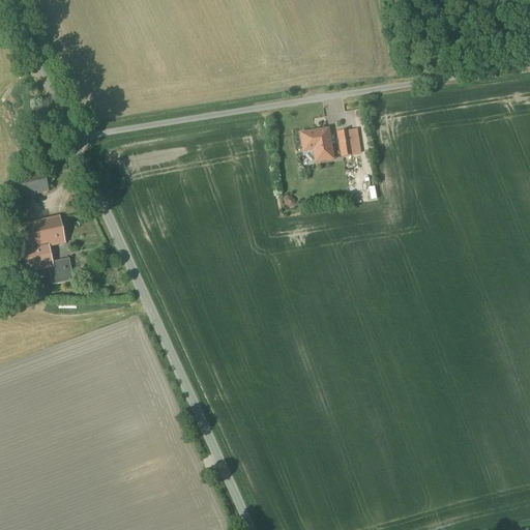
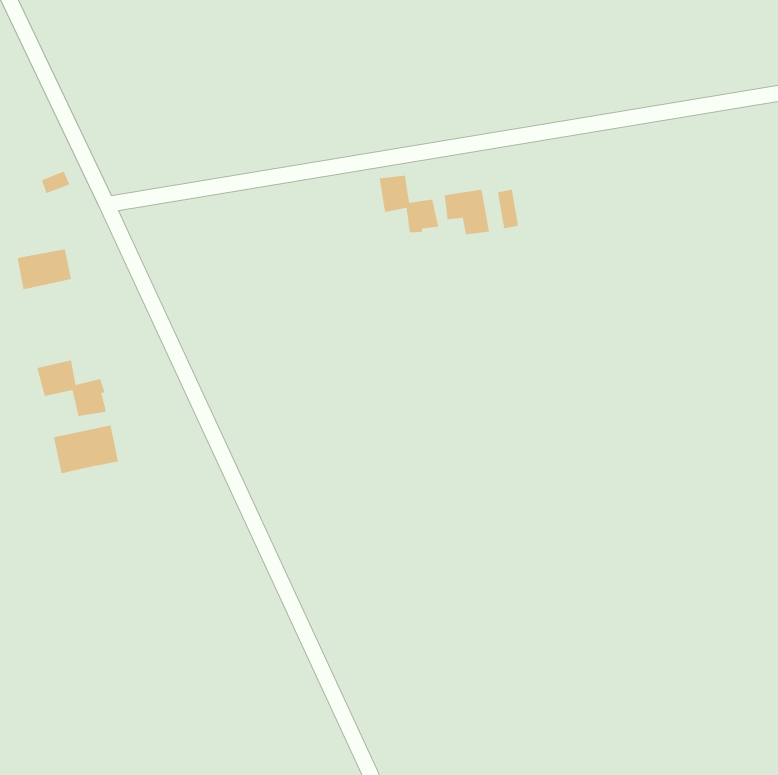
building: none -> [379,175,439,233]
building: [21,216,65,249] -> [53,425,119,474]

